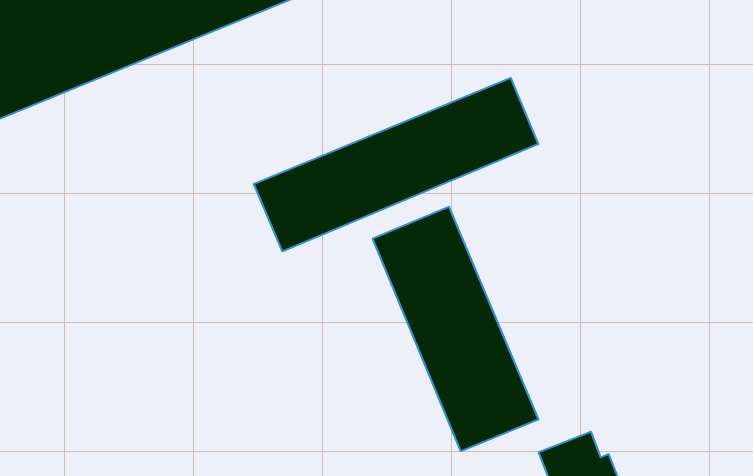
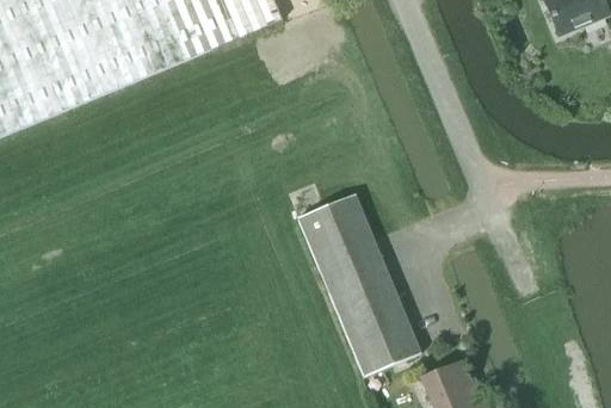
building: [254,78,538,251] -> none

